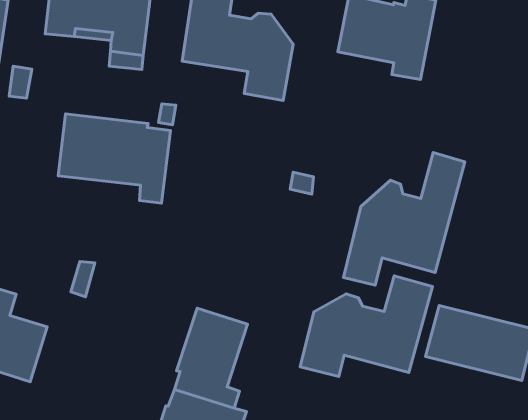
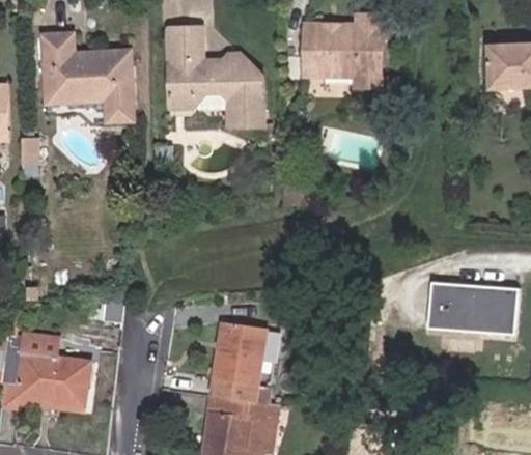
building: [58,114,171,203] -> none
building: [343,152,465,285] -> none
building: [300,276,433,376] -> none

